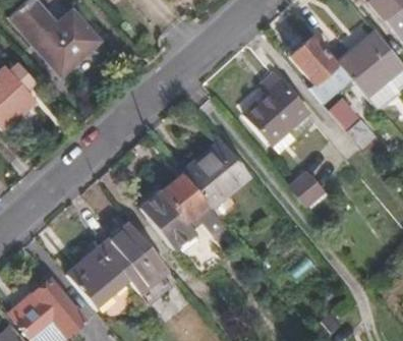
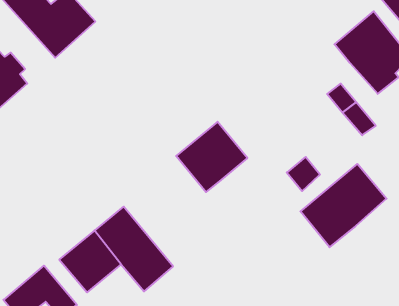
building: [292,37,352,104] -> none
building: [246,73,308,144] -> none
building: [143,174,230,276] -> none
building: none -> [300,164,387,247]

